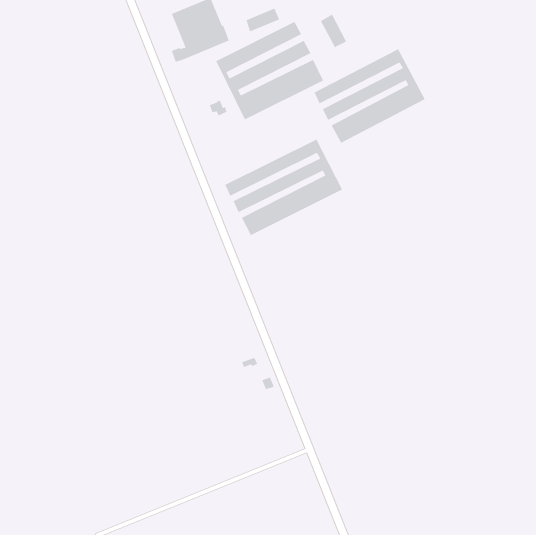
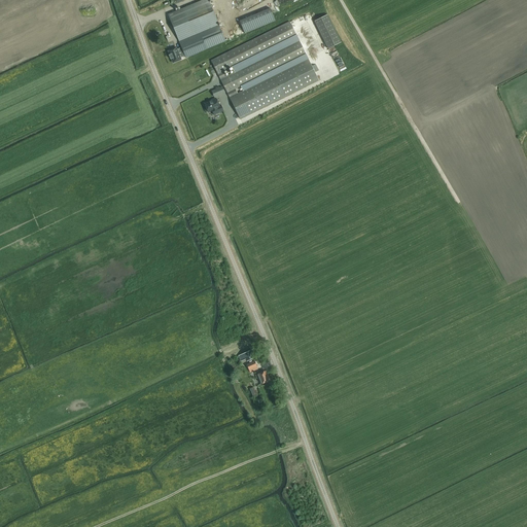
building: [313,48,426,144] -> none
building: [224,138,343,236] -> none

